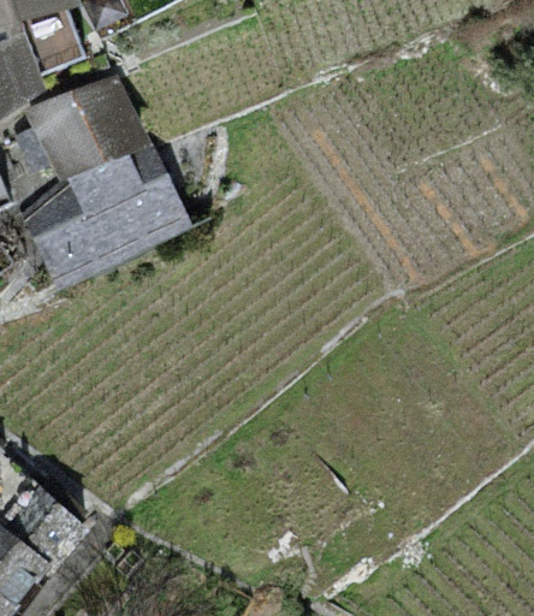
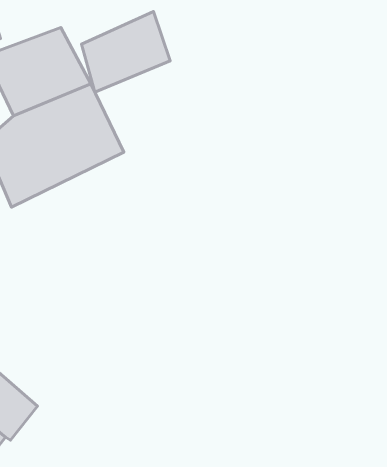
building: none -> [82,11,170,92]

